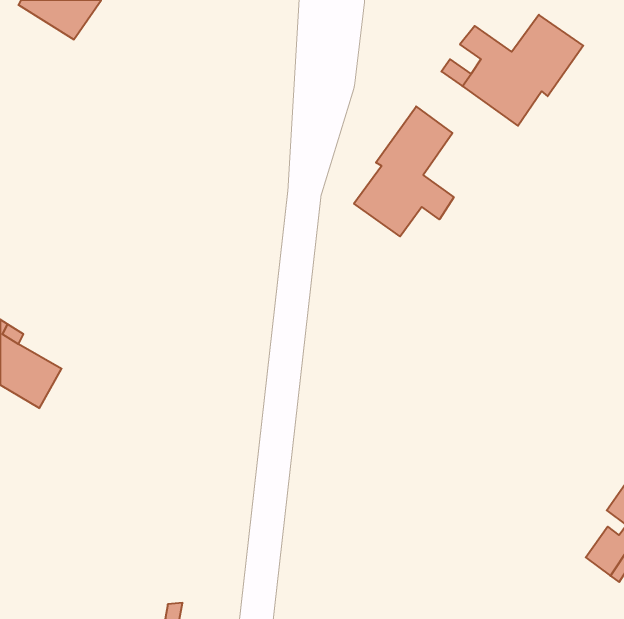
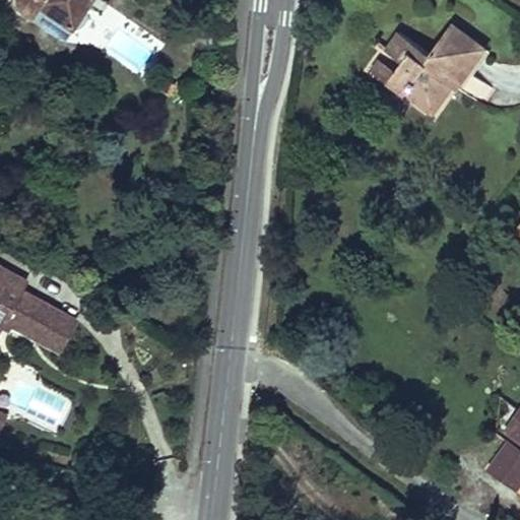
building: [354,106,454,236] -> none
building: none -> [38,313,76,356]

